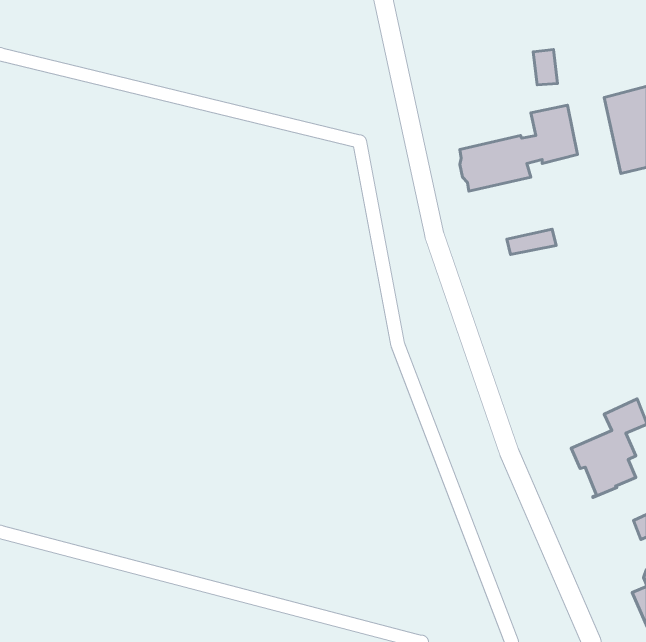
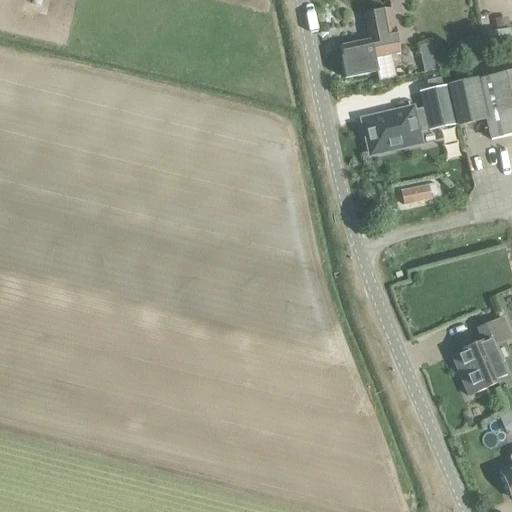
building: none -> [341,6,400,78]
building: none -> [449,77,485,122]

